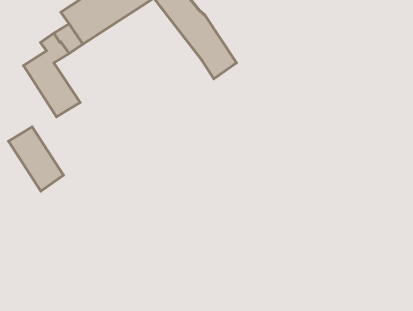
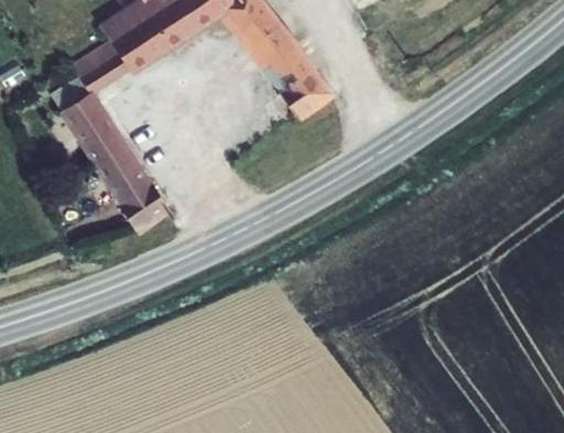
building: [9,127,64,191] -> [94,142,165,226]

